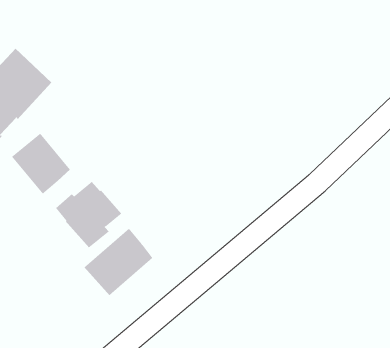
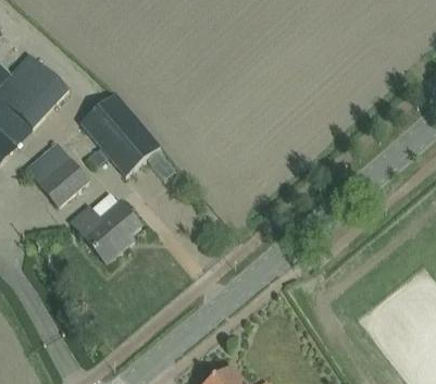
building: none -> [82,92,162,176]
building: [84,228,153,296] -> none

